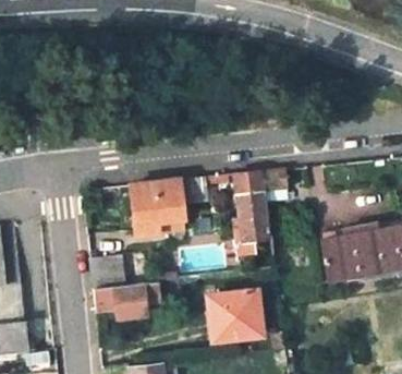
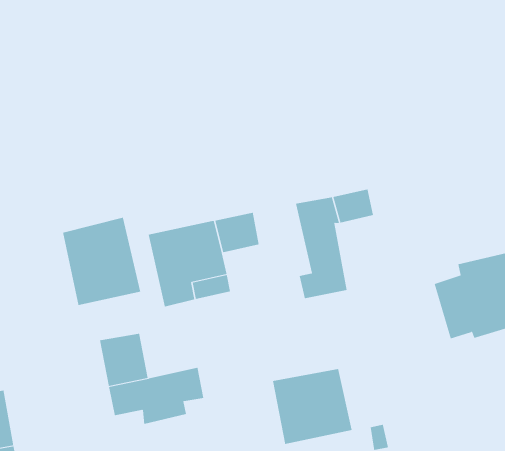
building: none -> [62,217,141,306]

